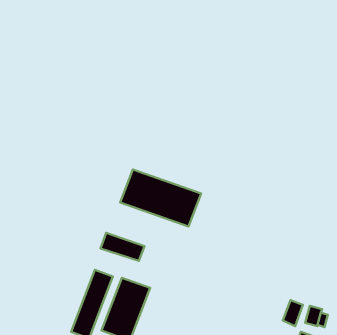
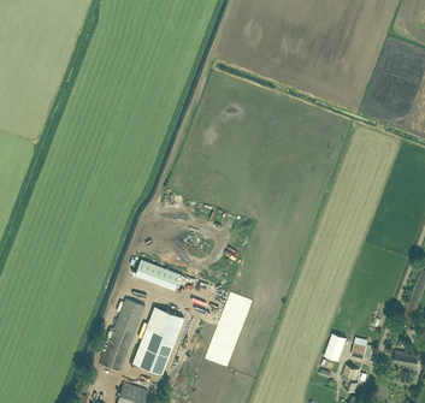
building: [120,169,201,227] -> none

